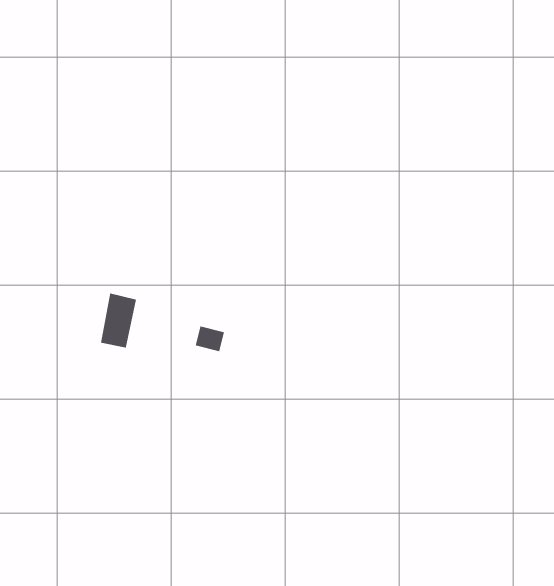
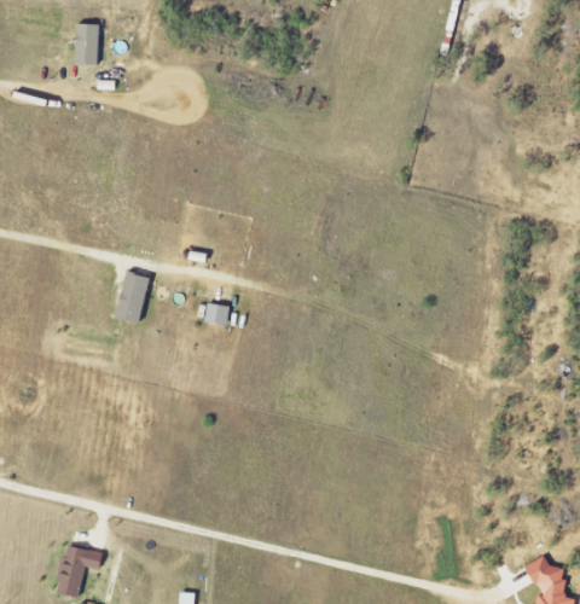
building: none -> [74,24,99,65]

